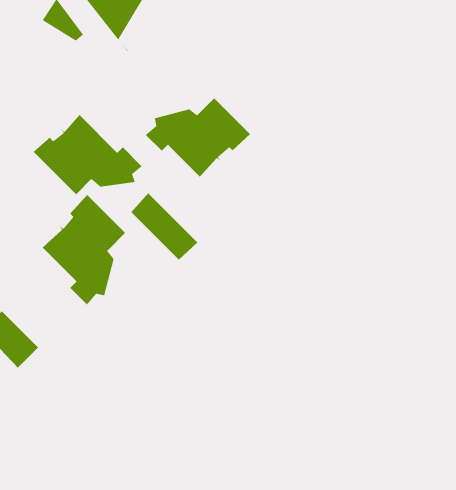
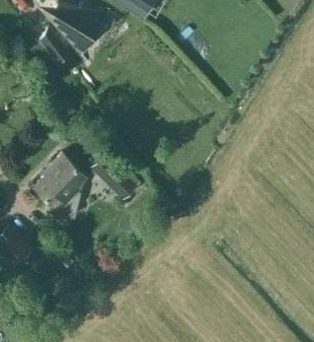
building: [145,97,251,178] -> none
building: [33,114,143,195] -> none

